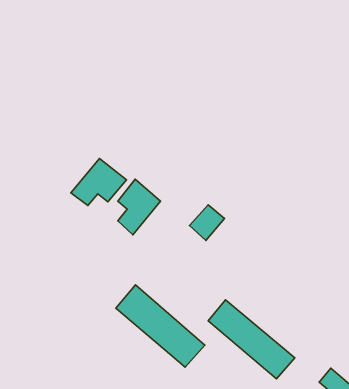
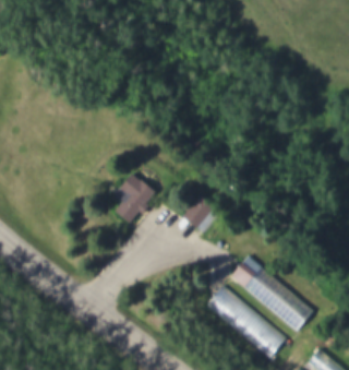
building: [71,158,126,205] -> none
building: [116,285,205,367] -> [230,252,314,330]

